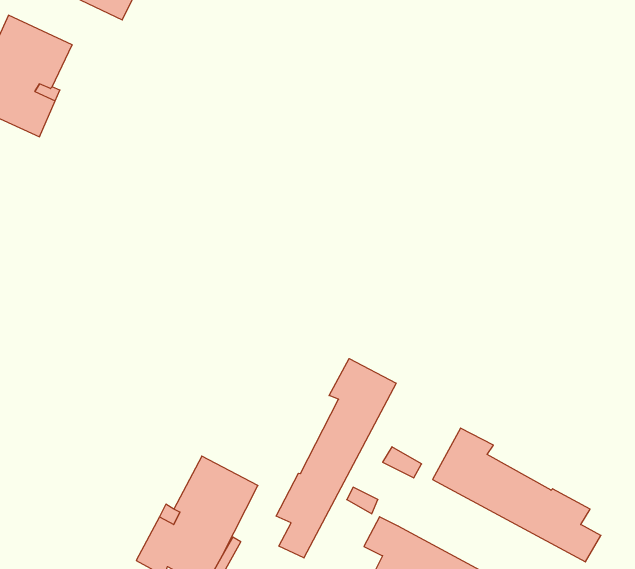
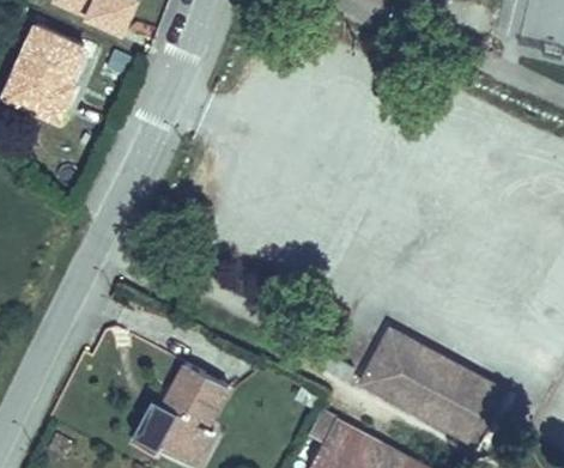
building: [276,359,396,558] -> none
building: none -> [381,329,505,425]

